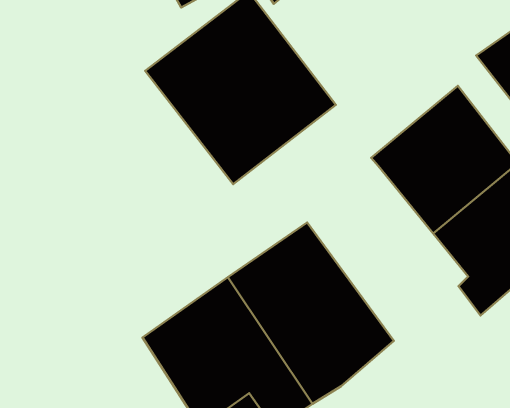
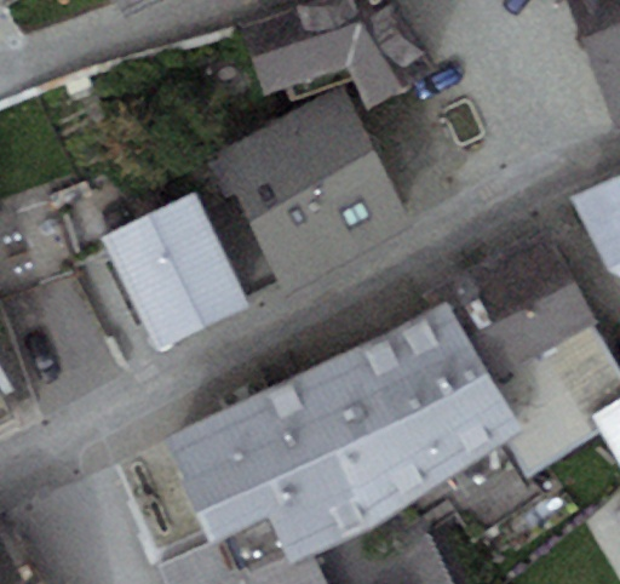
building: none -> [103,194,248,350]
building: none -> [362,299,523,488]

